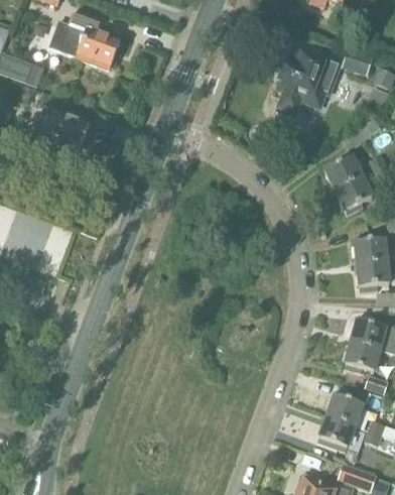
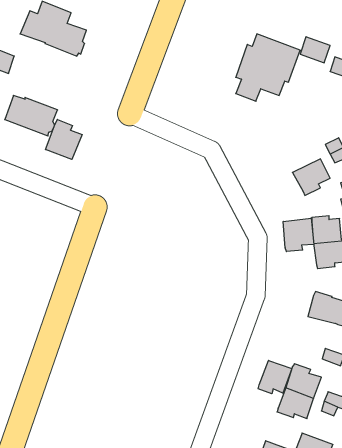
building: none -> [46,119,82,159]
building: [322,155,363,191] -> none
building: none -> [283,218,314,252]
building: [344,342,379,373] -> none
building: none -> [258,360,292,394]

